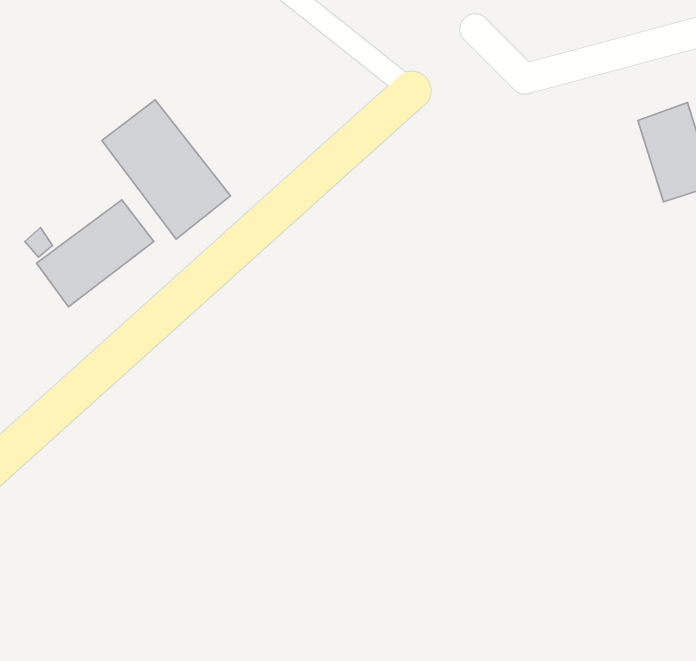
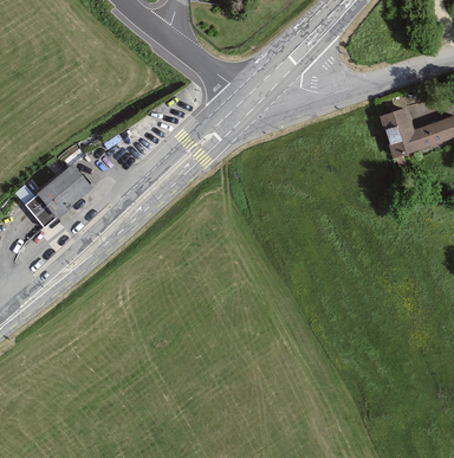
building: [102,100,230,239] -> none

